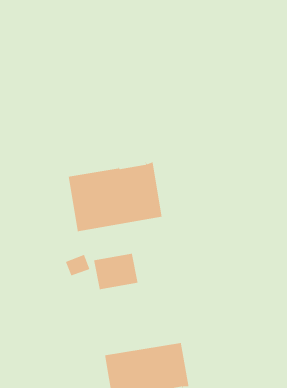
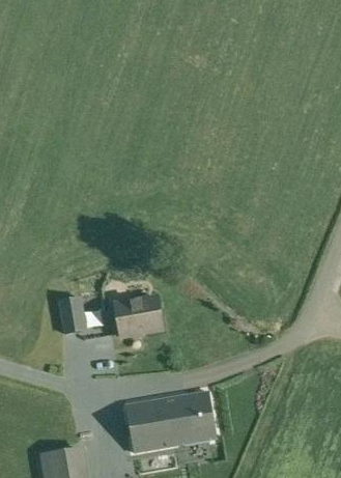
building: [68,161,163,232] -> none
building: none -> [59,297,85,333]

